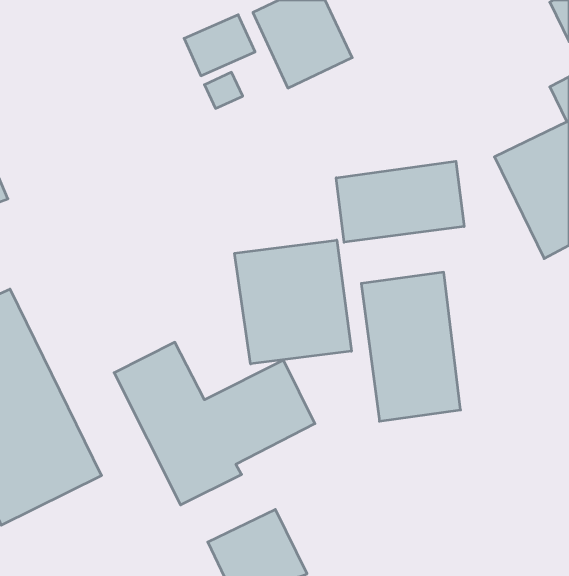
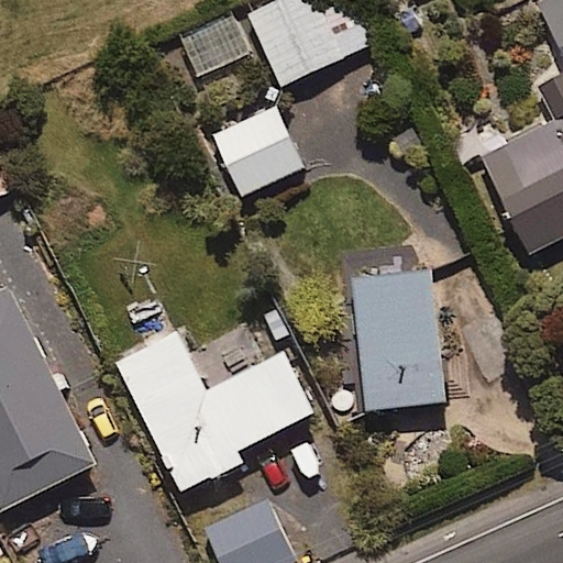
building: none -> [211,104,306,198]
building: [336,161,464,242] -> none
building: [235,240,351,364] -> none

